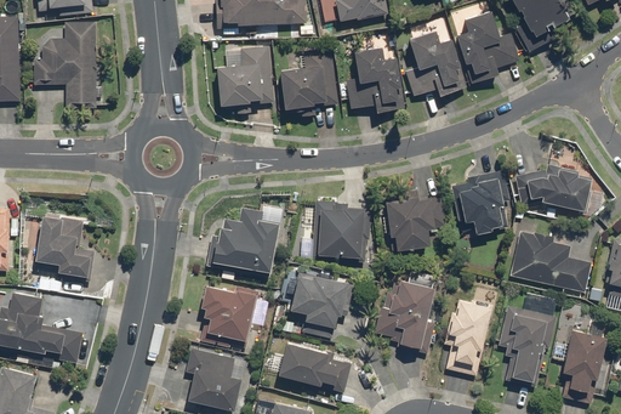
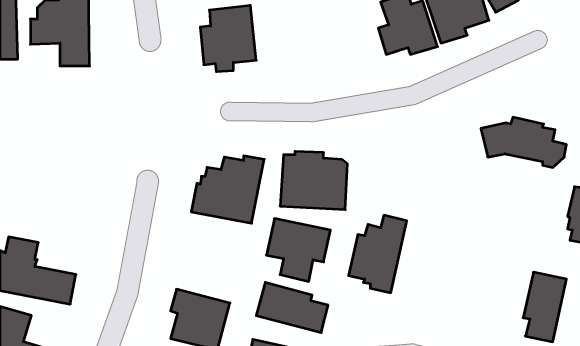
building: [278,47,340,118] -> none
building: [346,47,408,114] -> none
building: [451,170,511,234] -> none
building: [382,189,448,251] -> none
building: [33,215,96,280] -> none
building: [509,231,593,293] -> none
building: [199,284,261,348] -> none
building: [498,291,558,387] -> none
building: [444,297,494,376] -> none

